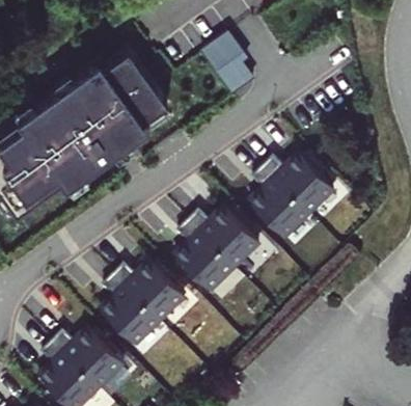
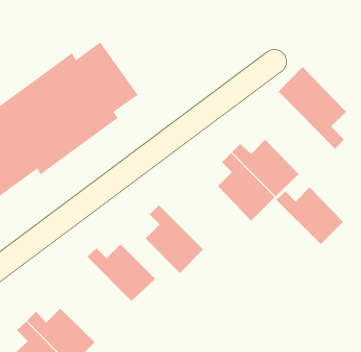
building: [202,33,253,96] -> none
building: none -> [278,66,347,150]
building: [189,208,259,268] -> [275,187,344,245]
building: [101,275,161,347] -> none

